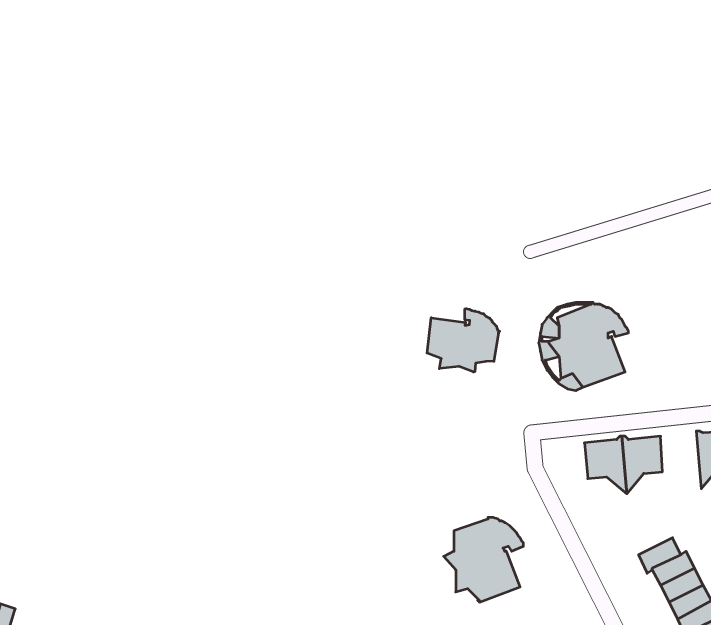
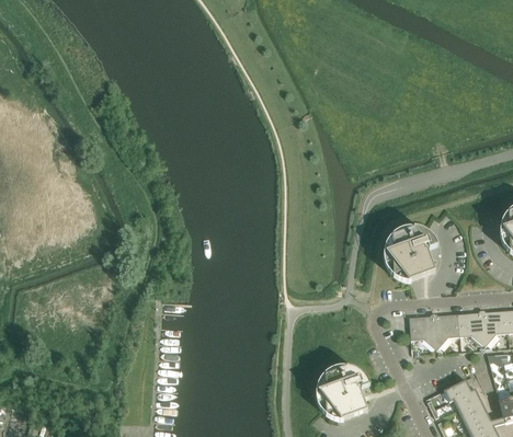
building: [427,309,500,372] -> none
building: none -> [457,310,483,347]

